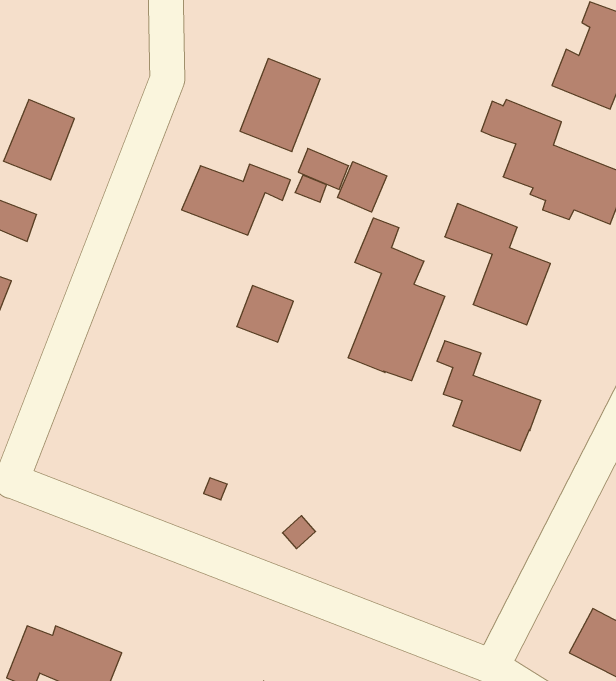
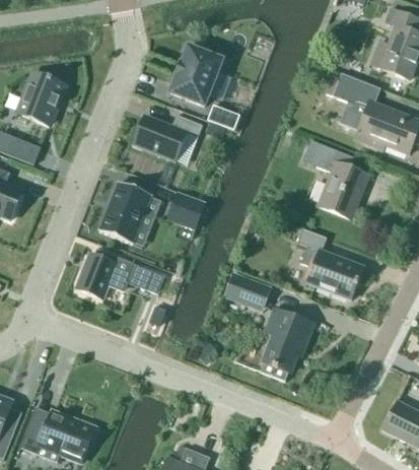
building: [338,162,387,212] -> none
building: [348,218,445,381] -> none
building: none -> [99,181,152,243]
building: none -> [76,248,153,298]
building: none -> [224,270,272,311]
building: none -> [260,306,315,381]

